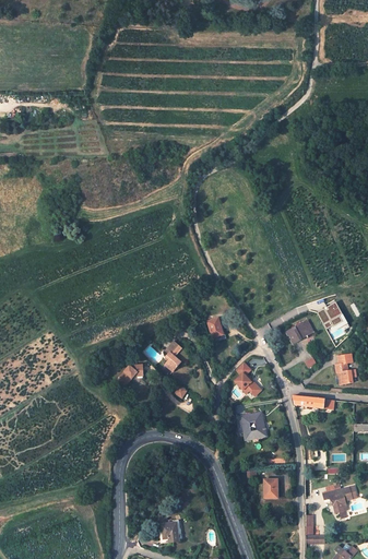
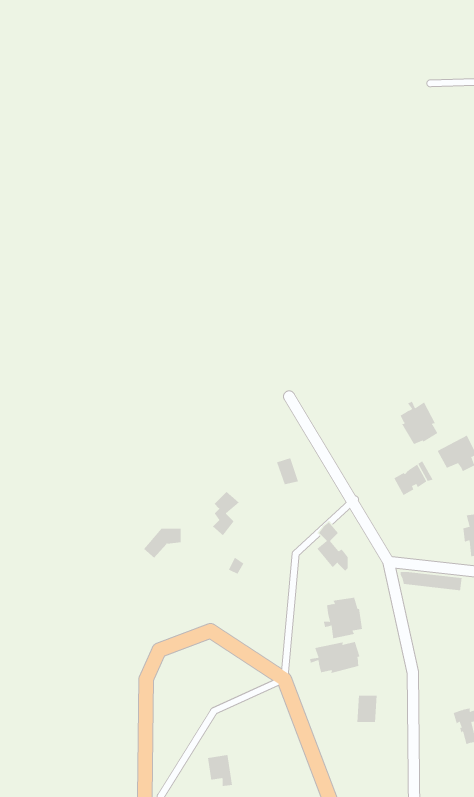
building: none -> [400,401,438,445]
building: none -> [310,641,360,674]

